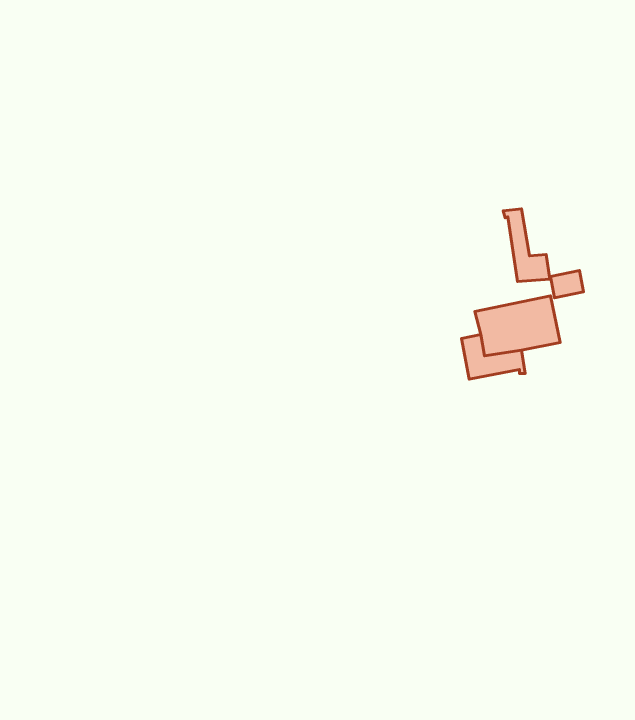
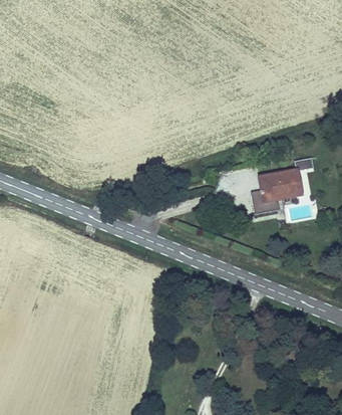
building: [503,209,550,281] -> none

